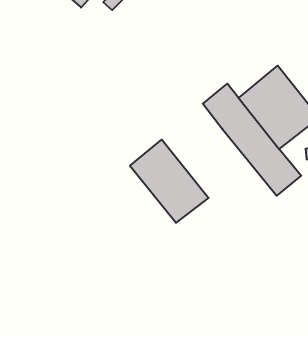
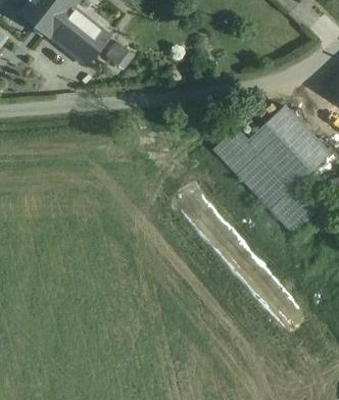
building: [130,140,209,223] -> none

